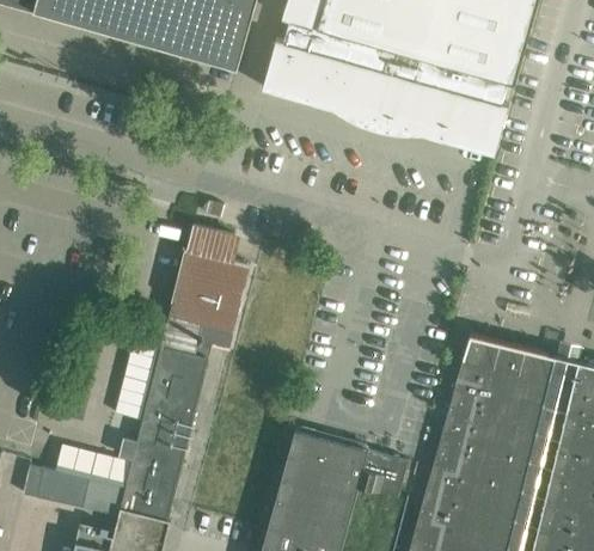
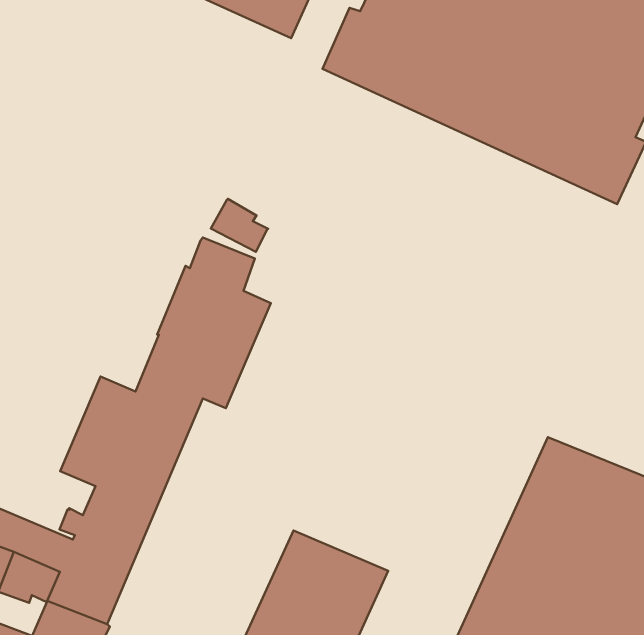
building: none -> [211,199,268,252]

